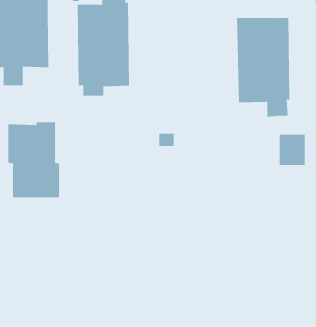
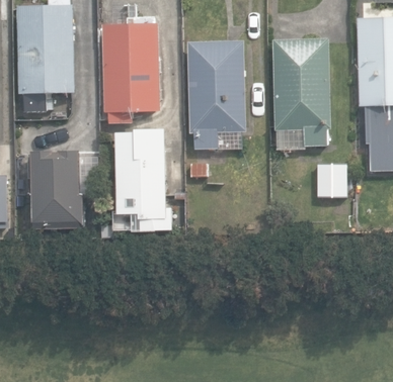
building: none -> [188,39,244,149]
building: none -> [100,129,171,237]

